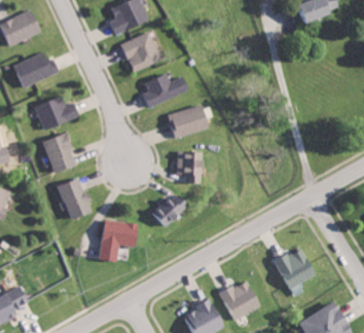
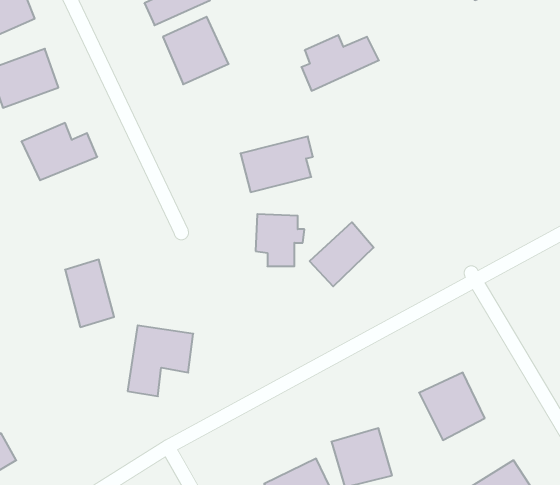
building: [141,74,188,108] -> [301,35,379,91]
building: [42,134,76,174] -> none
building: [150,190,189,229] -> [310,222,374,286]

